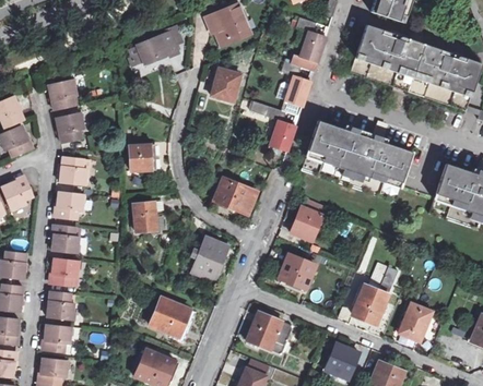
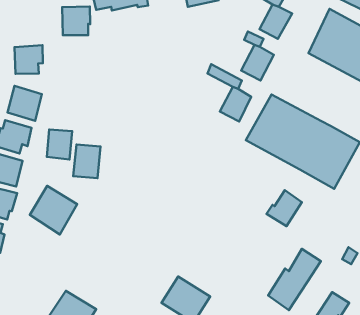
building: [210,64,244,101] -> none
building: [49,76,80,109] -> [62,6,90,35]
building: [130,141,155,170] -> [47,129,72,160]
building: [213,174,261,216] -> none
building: [287,206,320,241] -> [266,190,302,226]
building: [191,233,232,281] -> none
building: [276,255,314,289] -> none
building: [150,293,195,339] -> [30,186,77,235]

